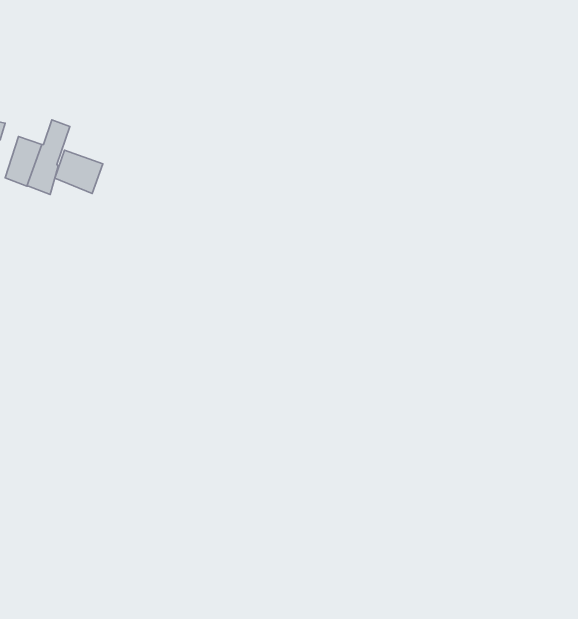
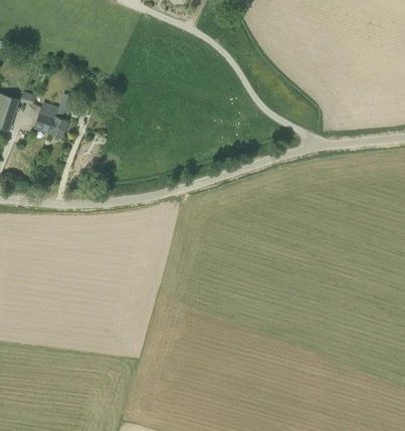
building: [55,150,103,193] -> none

